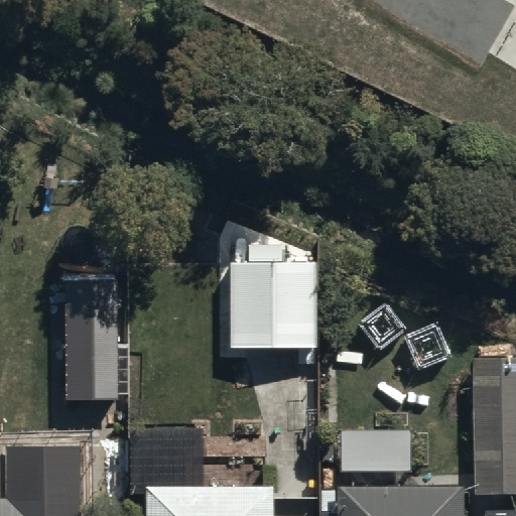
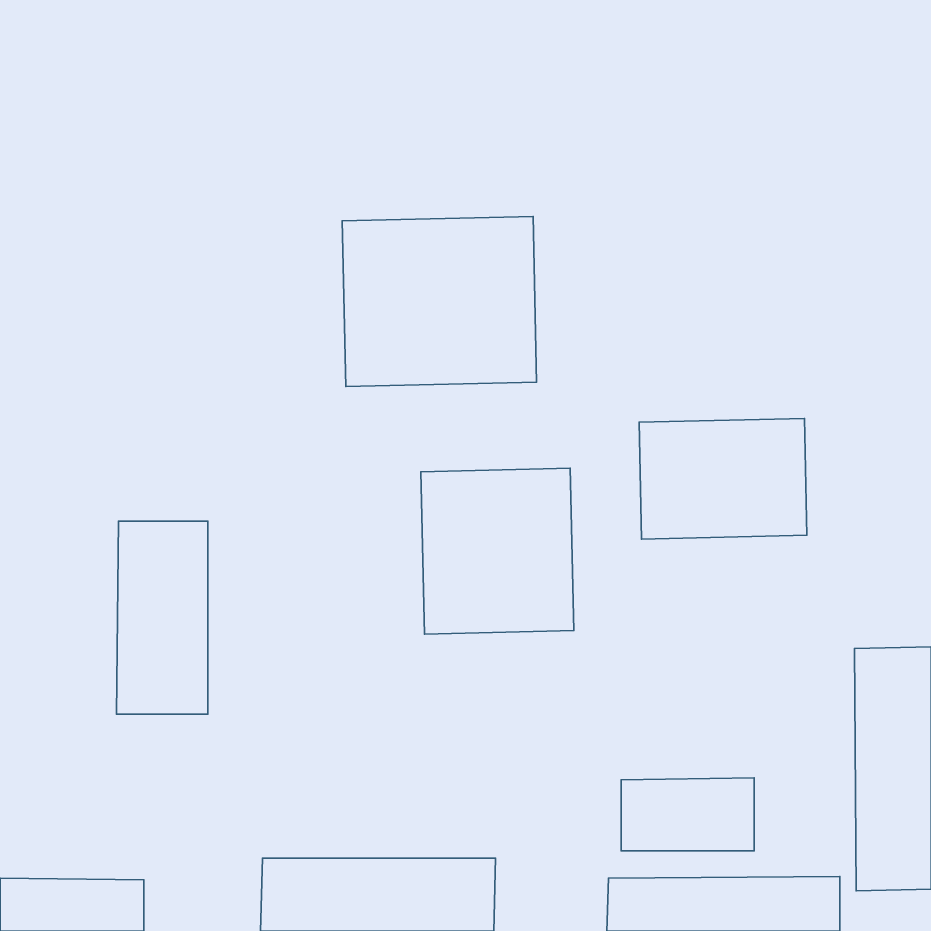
building: none -> [342,216,537,386]
building: none -> [639,419,807,539]

